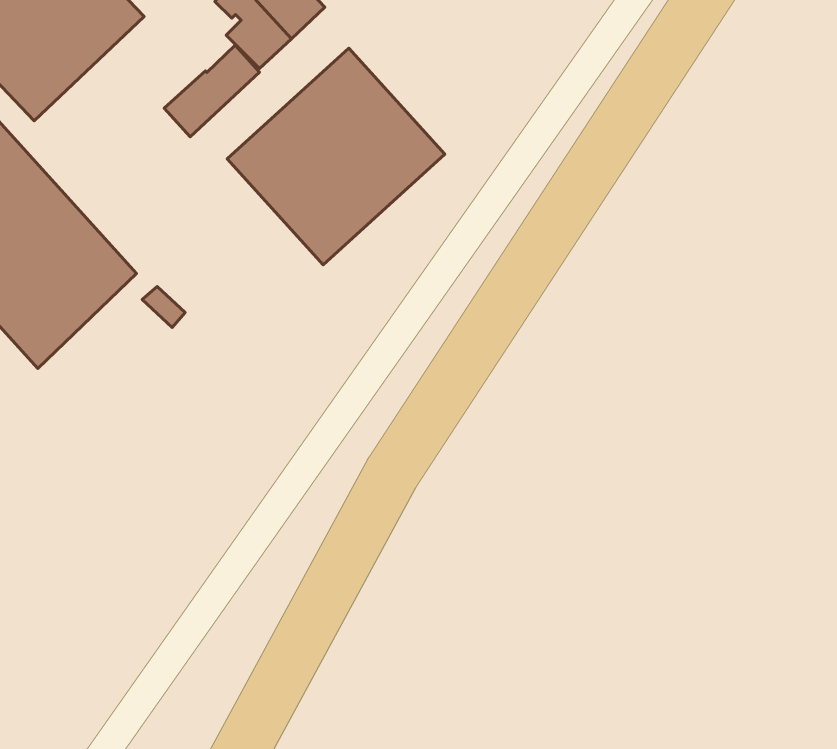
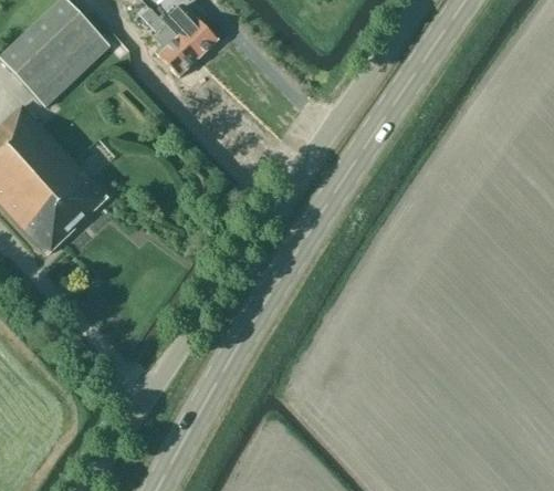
building: [164,45,260,137] -> none
building: [227,48,445,265] -> none

